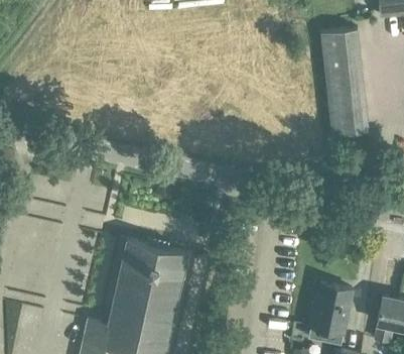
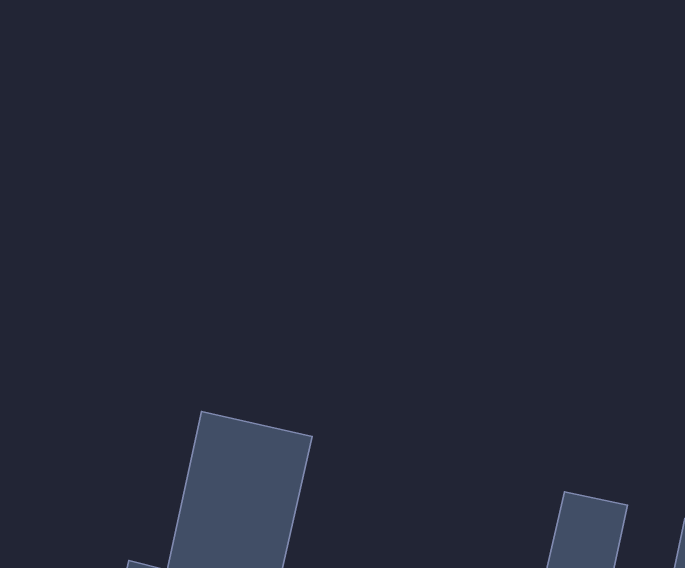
building: [321,29,368,136] -> none

